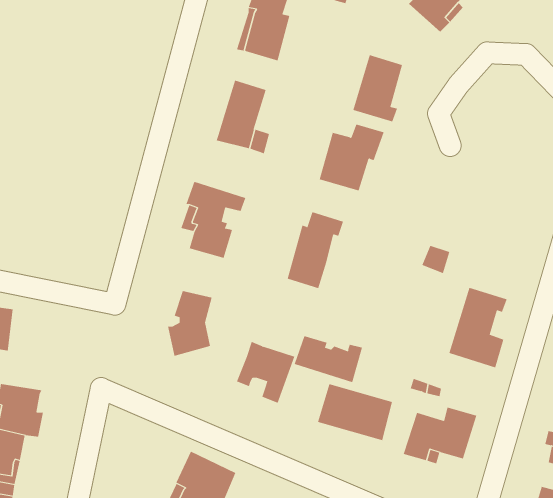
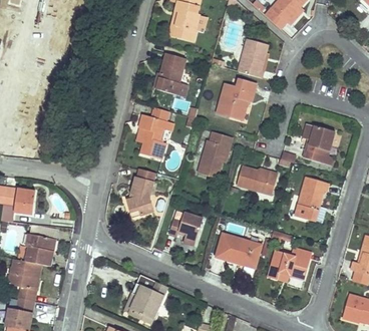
building: none -> [302,124,336,167]
building: [294,336,363,383] -> [237,167,278,195]

